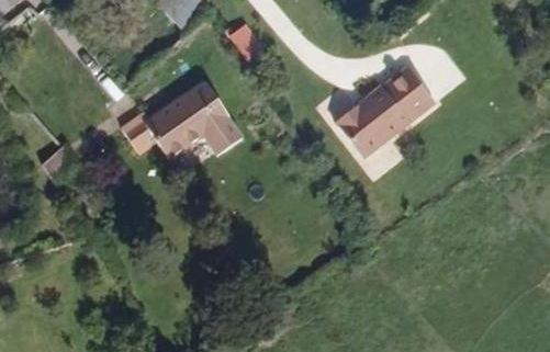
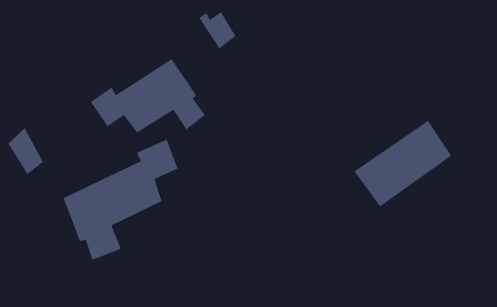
building: [337,73,436,161] -> [354,120,452,207]
building: none -> [62,138,178,261]

